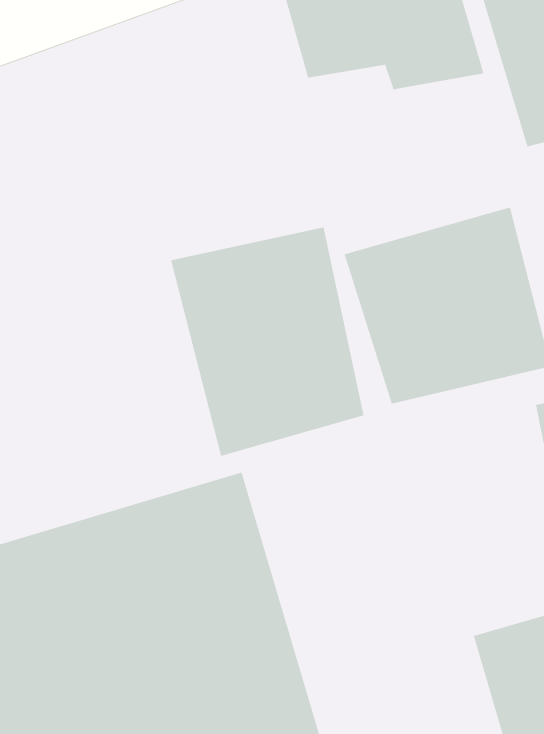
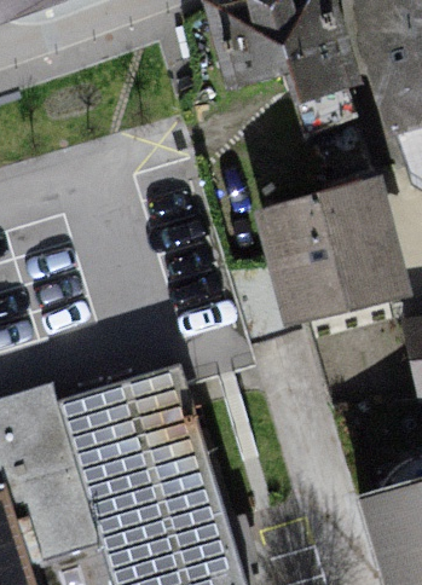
building: [170,226,364,457] -> none

